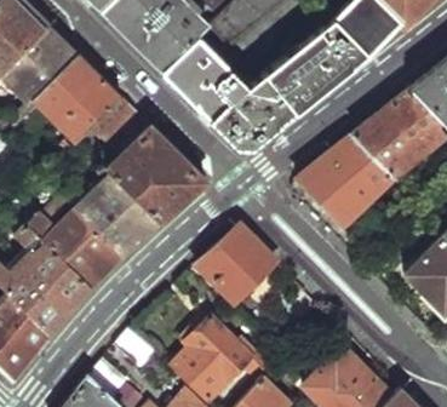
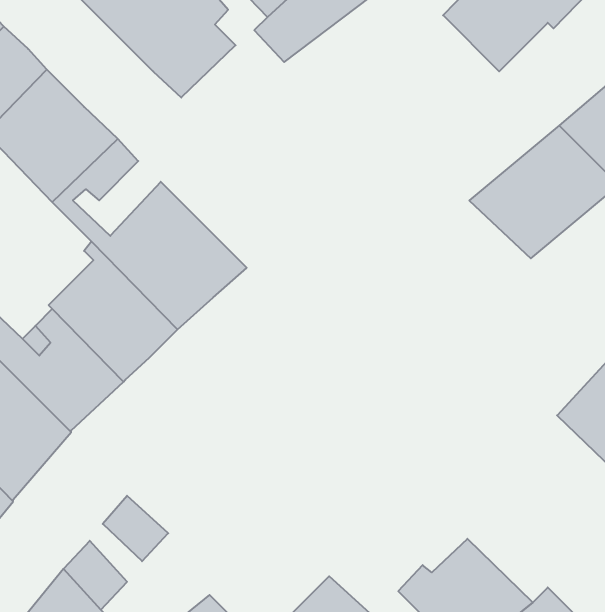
building: [162,18,368,148] -> none
building: [296,138,392,228] -> none
building: [194,228,275,304] -> none
building: [171,320,262,399] -> none

